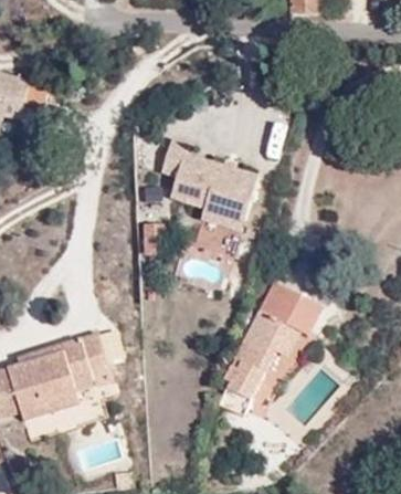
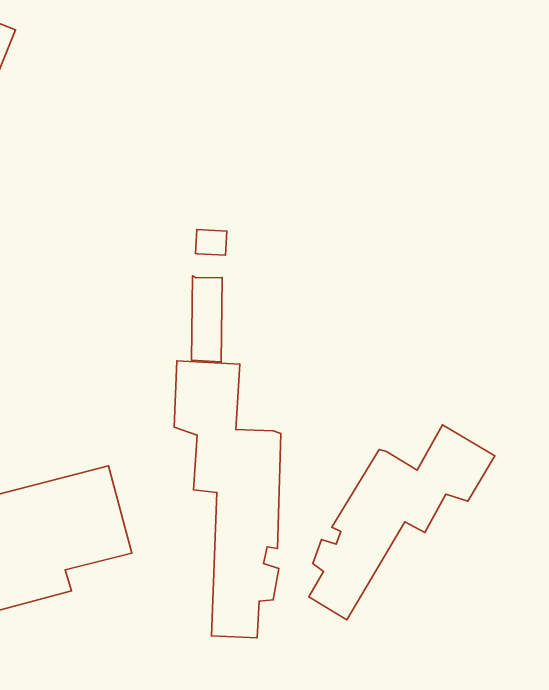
building: [159,137,260,232] -> none
building: none -> [174,361,281,638]

